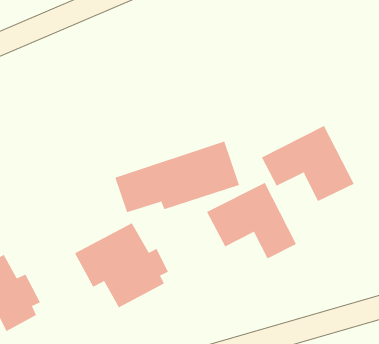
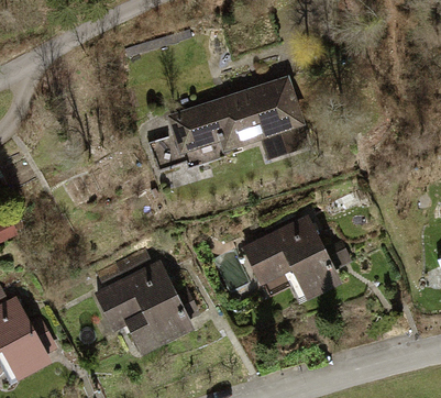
building: [261,125,355,202] -> none
building: [115,141,240,213] -> [165,75,305,155]

